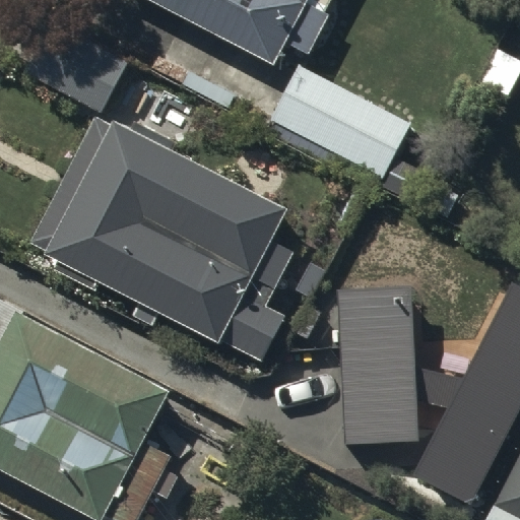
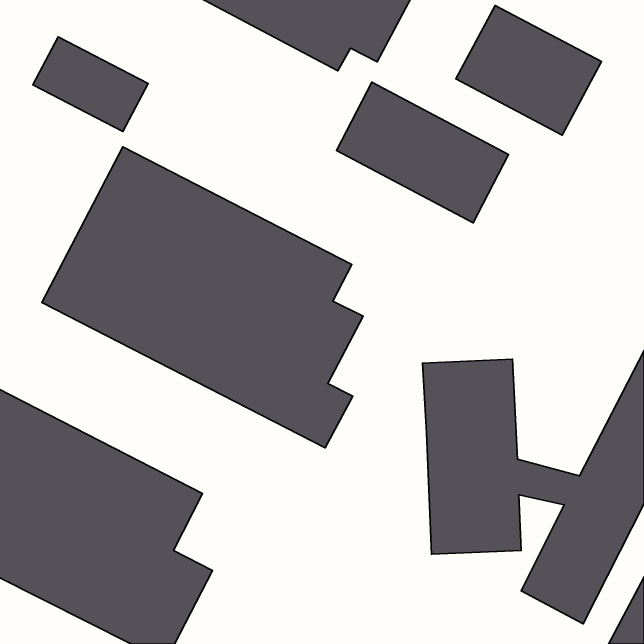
building: none -> [456,5,602,135]

